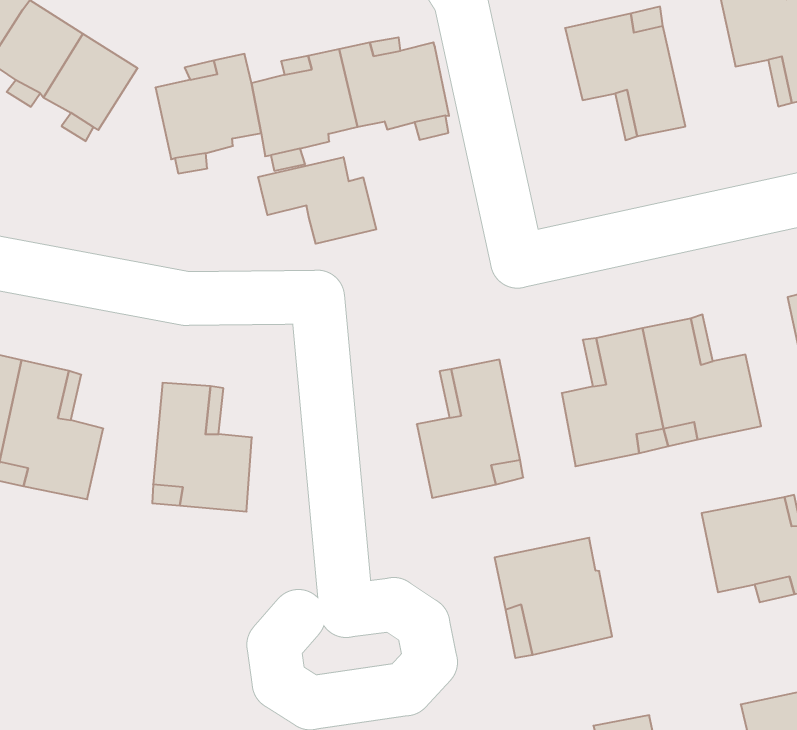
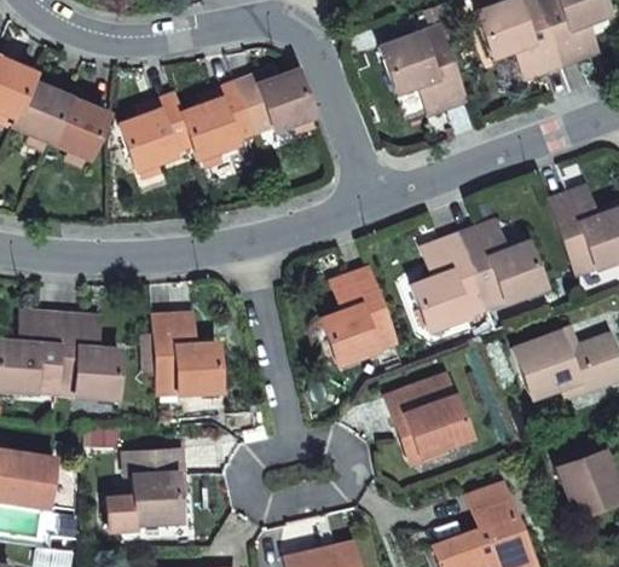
building: [258,157,376,244] -> none
building: none -> [108,450,184,527]

